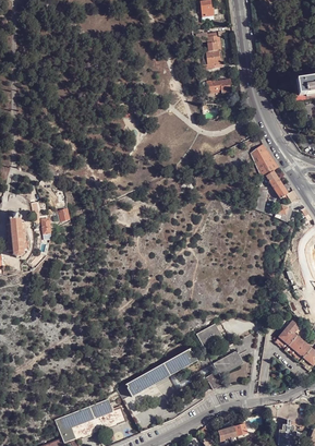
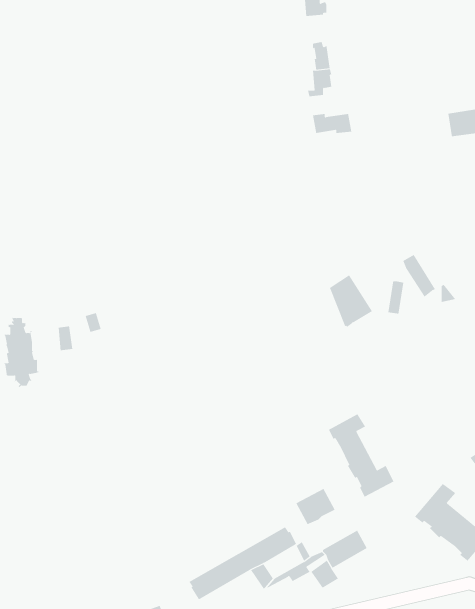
building: [251,143,279,178] -> [329,275,373,328]
building: none -> [328,414,394,498]

